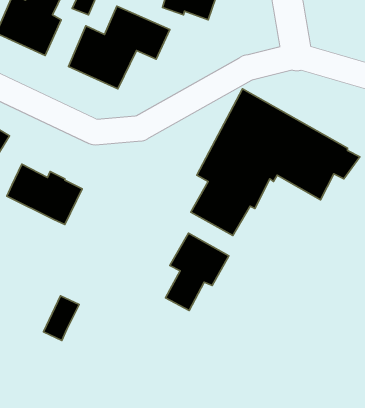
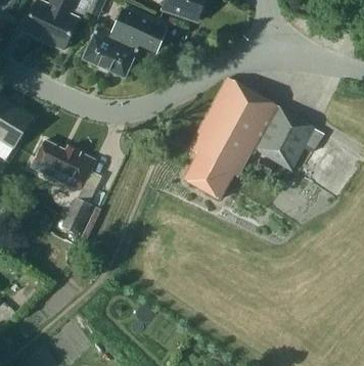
building: [165,233,229,310] -> none
building: [43,296,79,340] -> [60,197,90,234]

